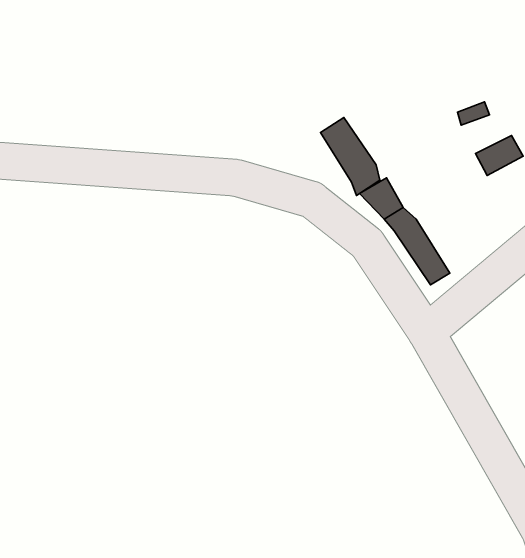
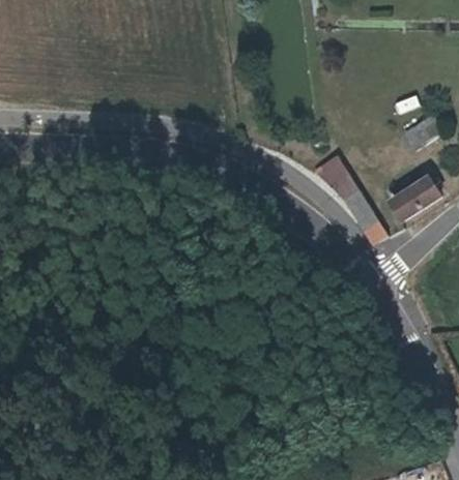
building: [321,117,380,195] -> none
building: none -> [391,178,440,217]

